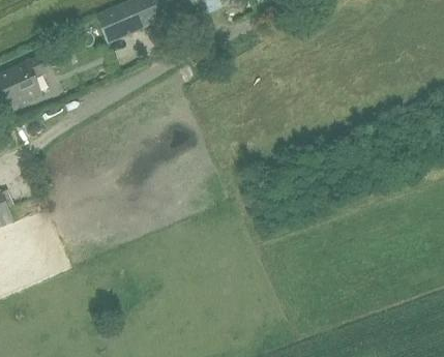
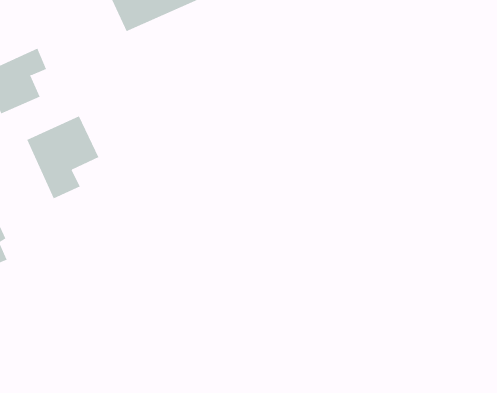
building: none -> [27,116,99,199]

